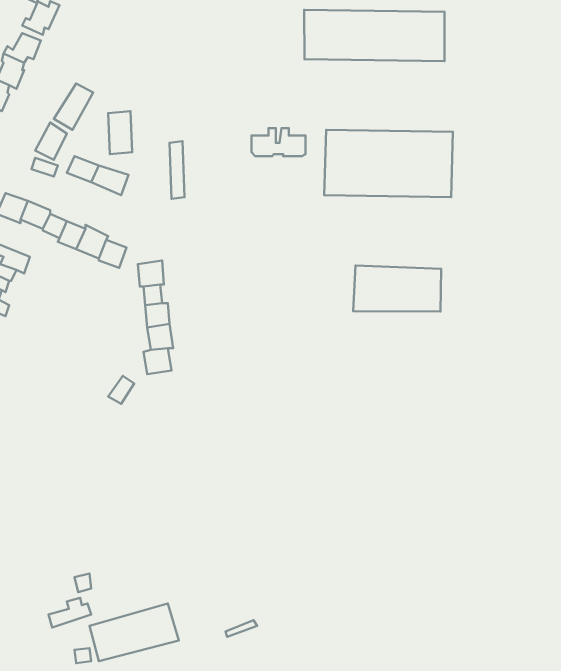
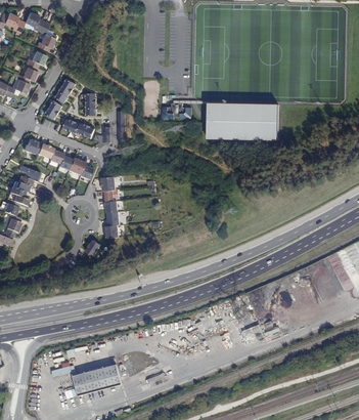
building: [304,10,445,61] -> none
building: [353,265,441,312] -> none

